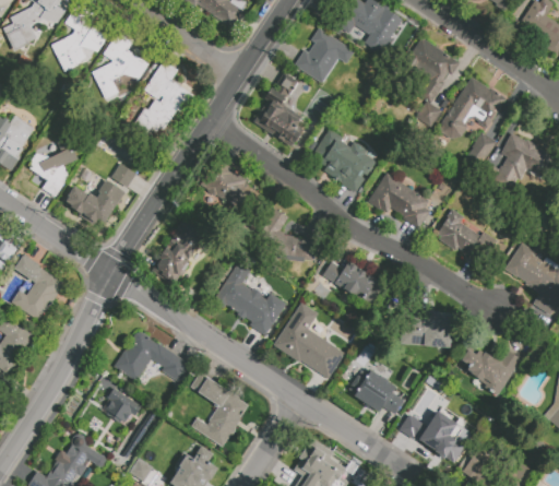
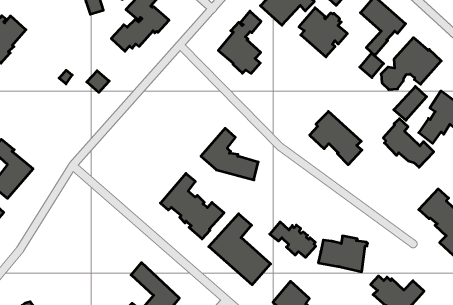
building: [28,133,79,195] -> none
building: [321,139,377,192] -> [299,8,347,57]
building: [203,159,255,212] -> none
building: [64,179,123,223] -> none
building: [438,209,497,260] -> [383,119,434,167]
building: [150,216,207,284] -> none
building: [323,261,377,297] -> [270,222,316,257]
building: [115,331,191,383] -> none
building: [102,387,141,423] -> none

